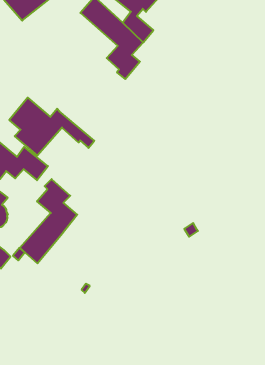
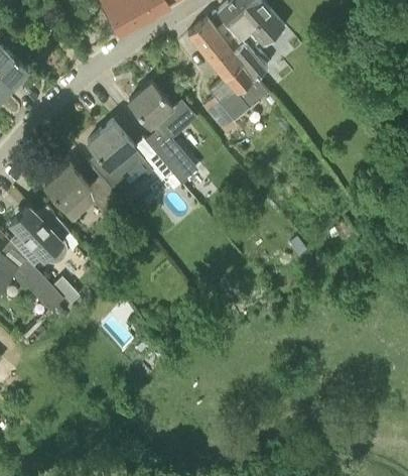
building: none -> [130,84,214,209]
building: [20,179,77,263] -> none

